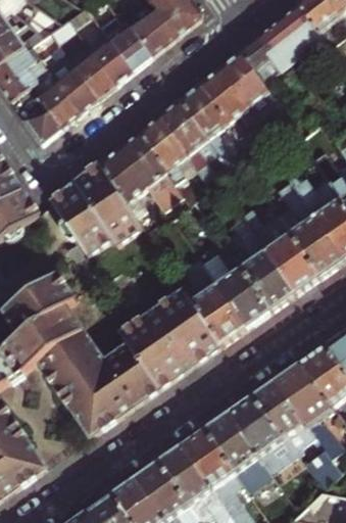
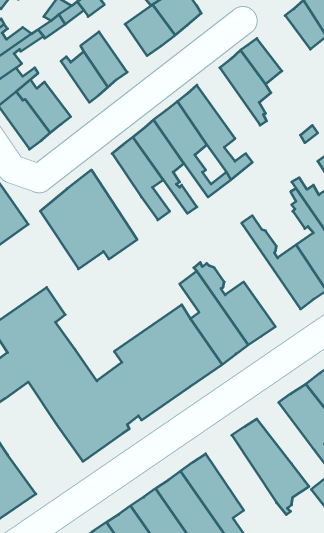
building: [103,17,149,70] -> none
building: [252,17,302,69] -> none
building: [47,45,95,112] -> none
building: [196,66,255,155] -> none
building: [97,147,166,235] -> none
building: [228,212,293,310] -> none
building: [252,381,306,455] -> none
building: [204,412,270,491] -> none

